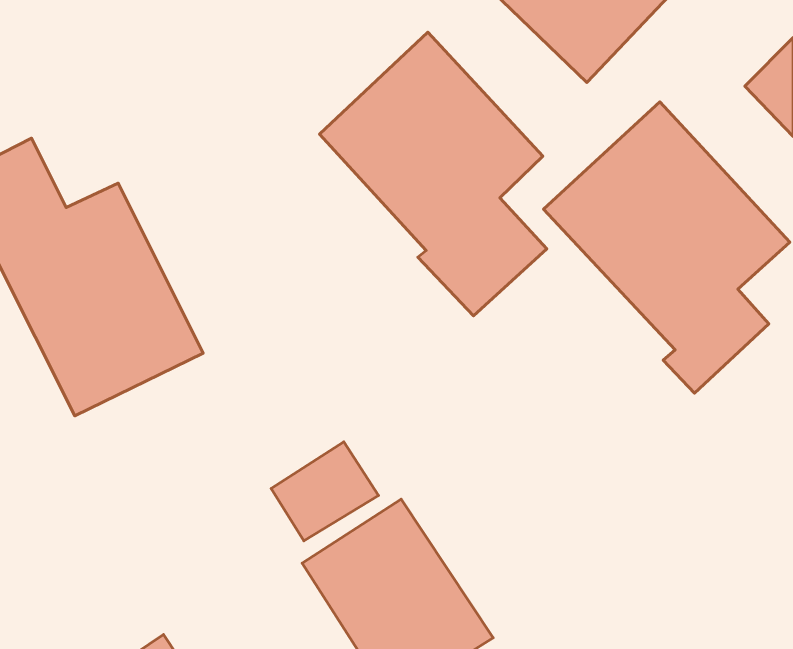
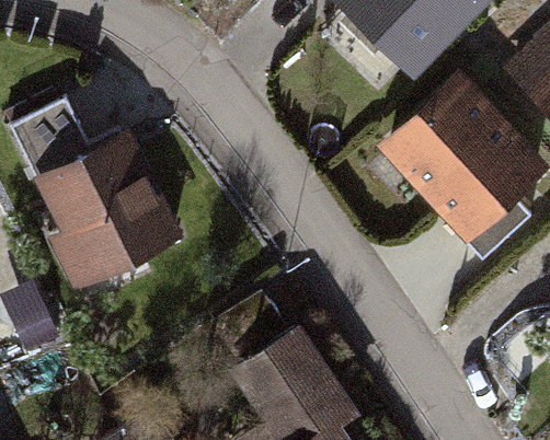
building: [320,32,547,316] -> none

